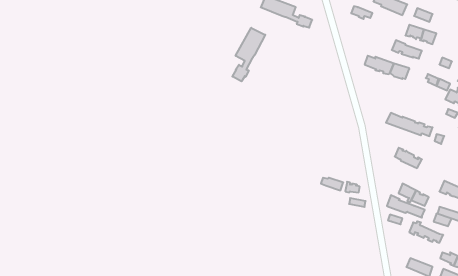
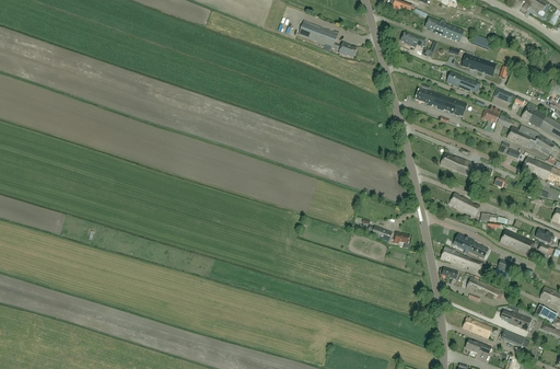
building: [232,28,265,81] -> none

